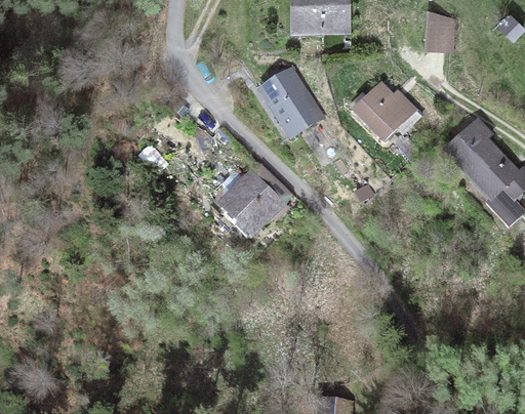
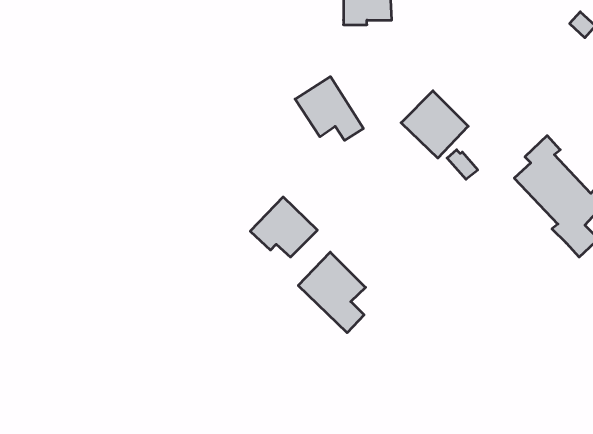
building: [425,9,452,48] -> none
building: none -> [298,252,366,333]

